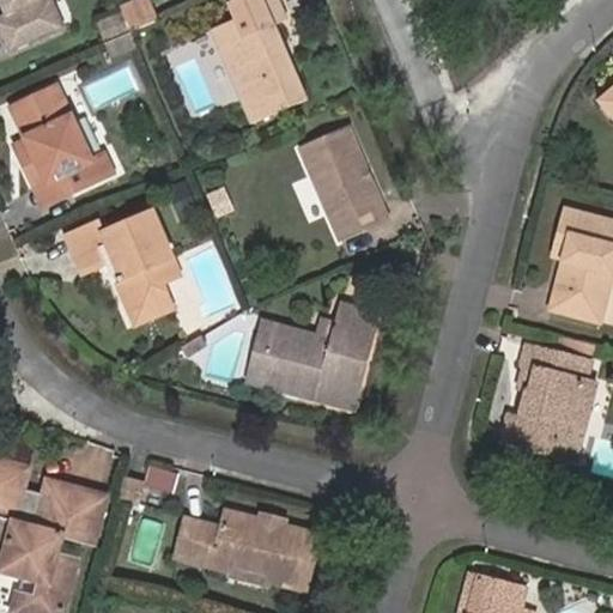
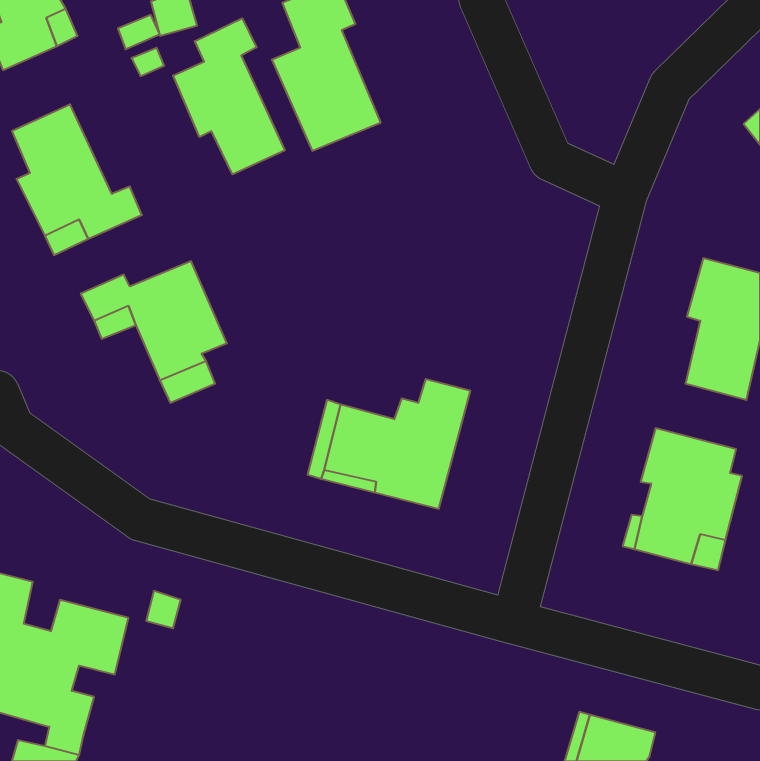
building: none -> [173,18,285,174]
building: [299,128,388,237] -> none
building: [175,509,318,589] -> none

